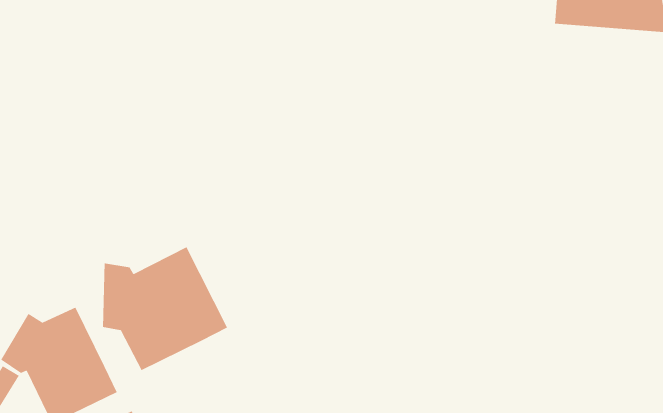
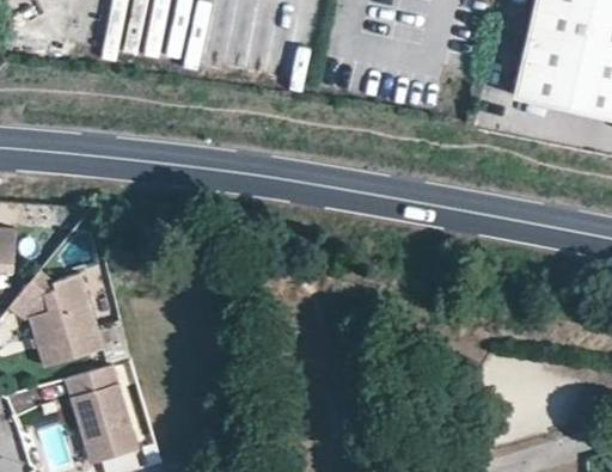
building: [102,246,228,371] -> none

